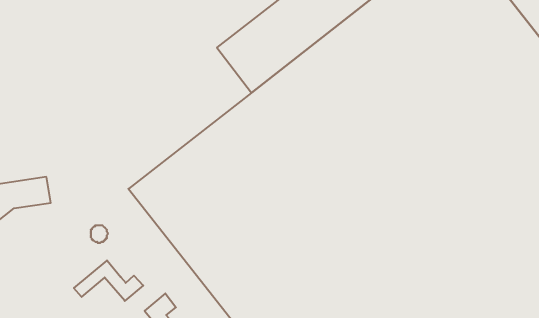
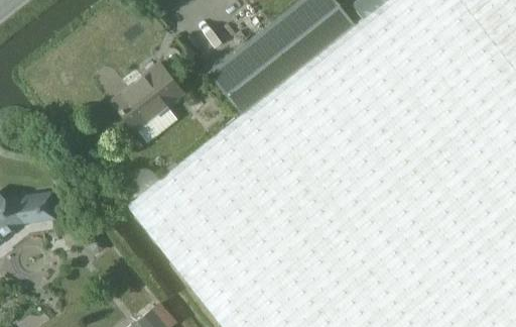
building: none -> [112,68,182,130]
building: [74,260,143,301] -> none

